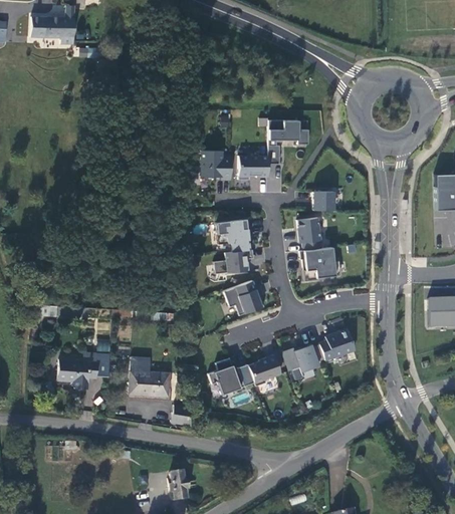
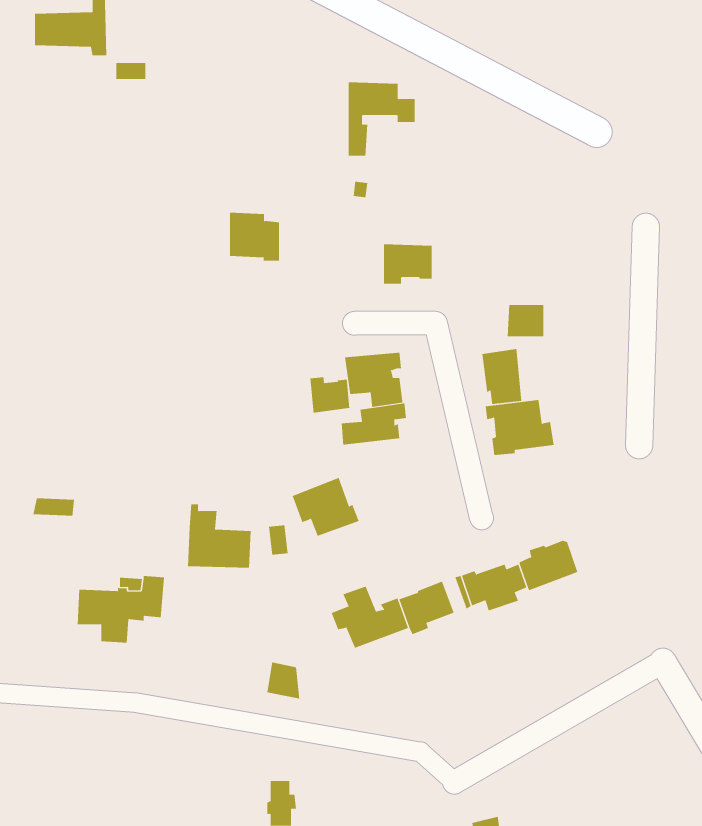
building: [268,119,308,164] -> [348,82,415,156]
building: [201,150,231,179] -> [229,212,280,261]
building: none -> [310,377,350,413]
building: [224,280,264,315] -> [292,477,360,536]
building: [129,355,167,394] -> [187,504,251,568]

